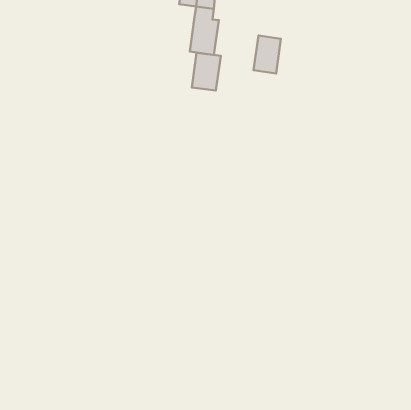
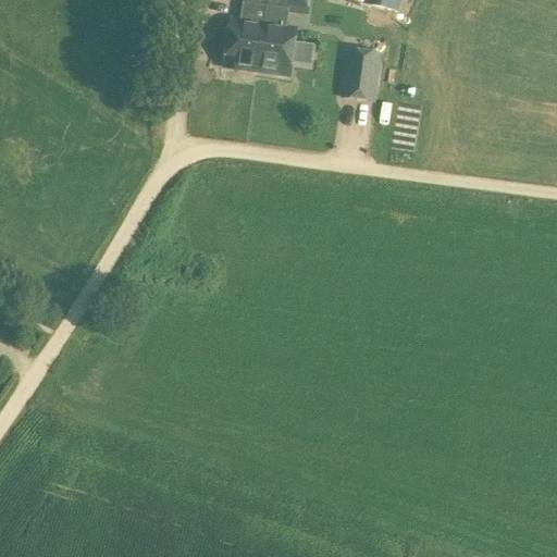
building: [192,53,221,91] -> [225,18,264,70]

